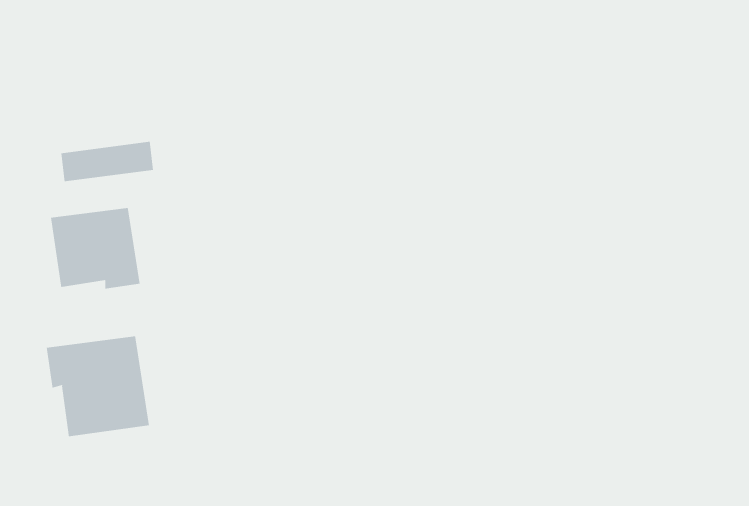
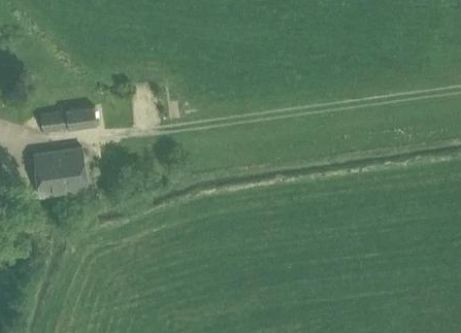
building: [46,336,150,437] -> none

